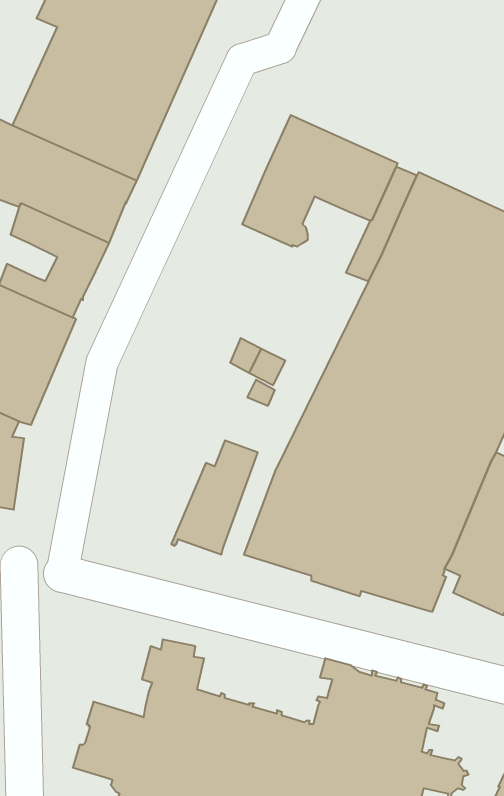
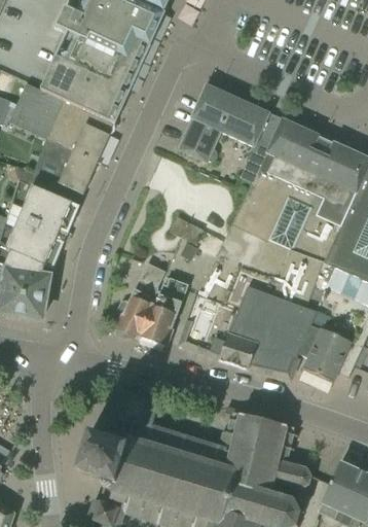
building: none -> [116,265,164,339]

